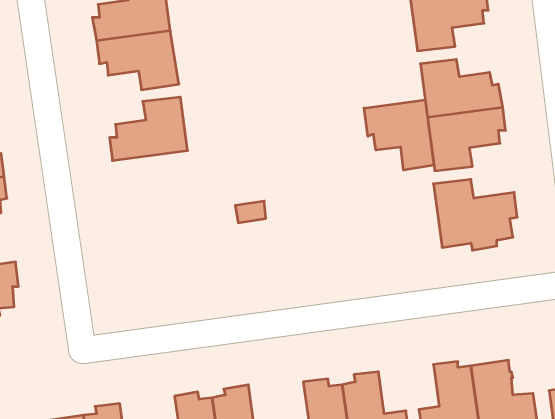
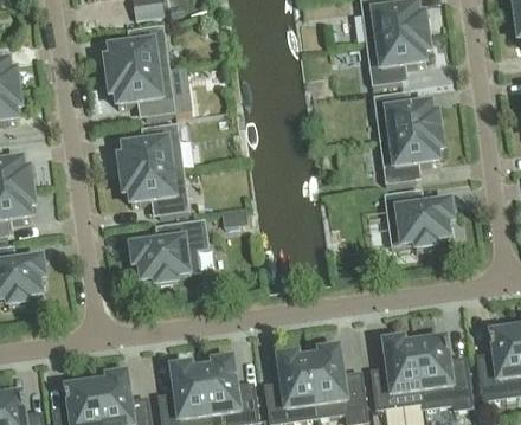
building: [364,100,434,170] -> none
building: none -> [121,165,188,213]
building: none -> [130,217,208,282]

